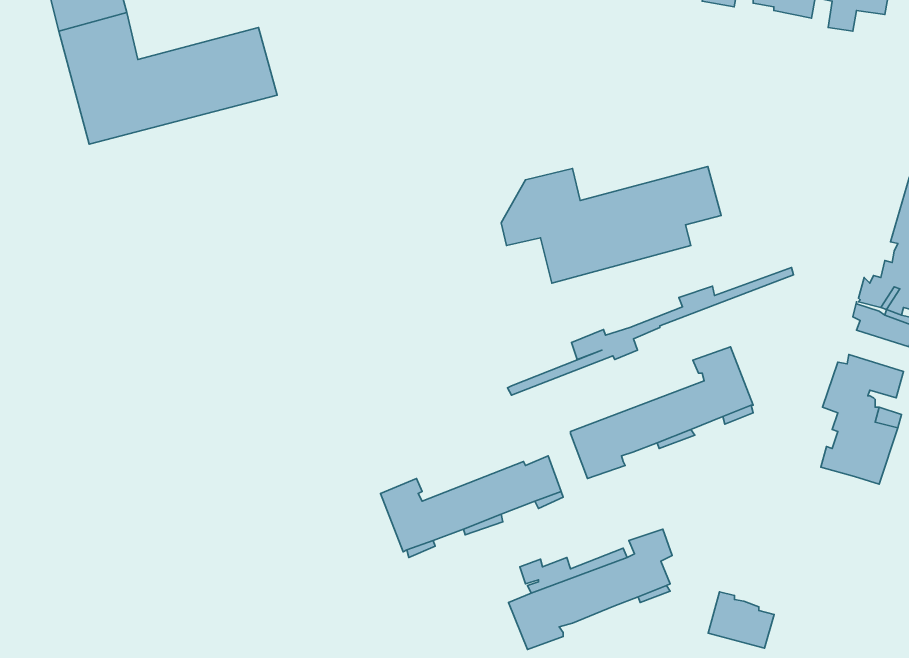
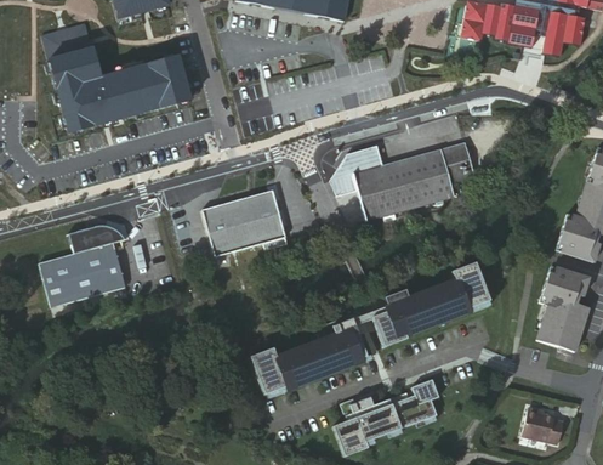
building: none -> [199,188,283,256]
building: [508,267,794,395] -> [278,278,462,361]
building: none -> [36,223,125,306]
building: [708,592,774,648] -> [523,406,565,442]

